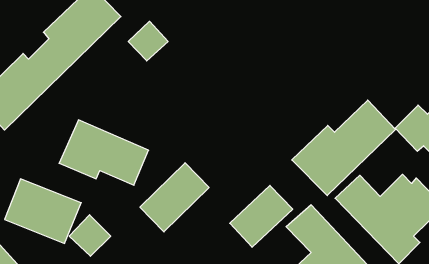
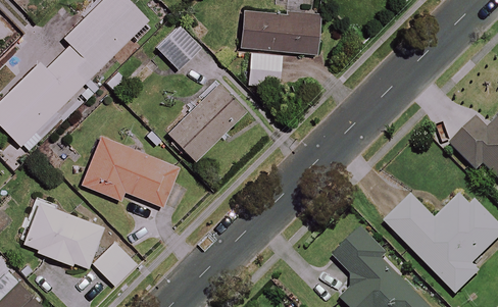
building: none -> [241,10,319,87]
building: [292,100,395,196] -> none
building: [140,163,209,232] -> [168,85,245,161]
building: [230,185,293,247] -> none

